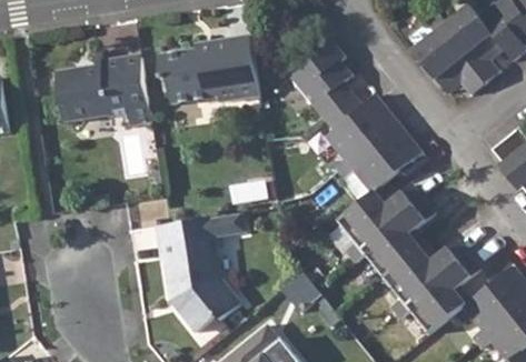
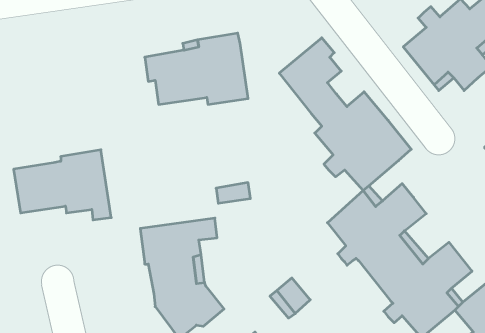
building: [58,59,152,127] -> [14,150,111,220]

